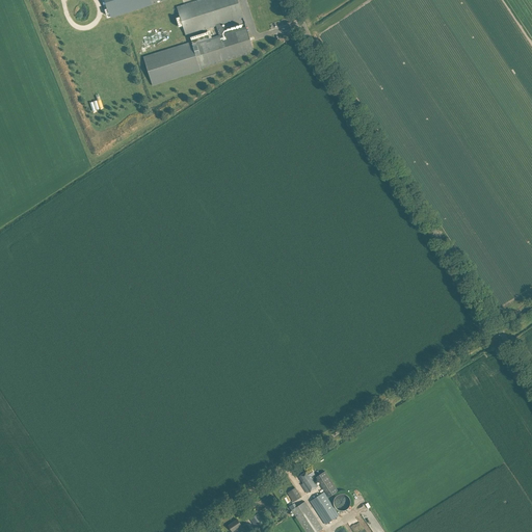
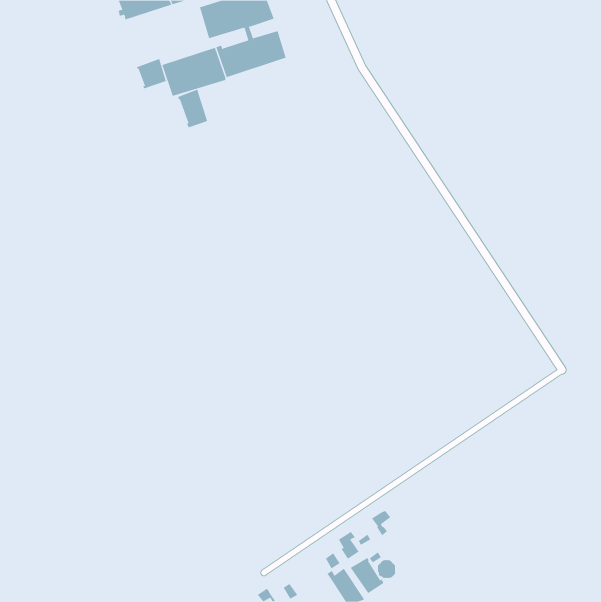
building: none -> [136,58,167,89]
building: none -> [177,89,208,128]

